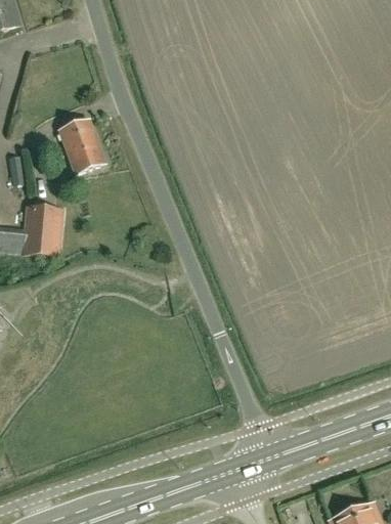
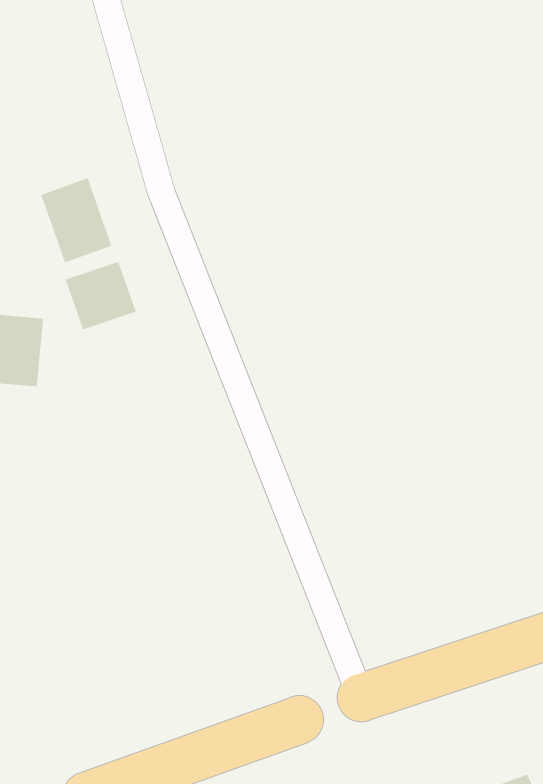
building: none -> [65,261,137,330]

